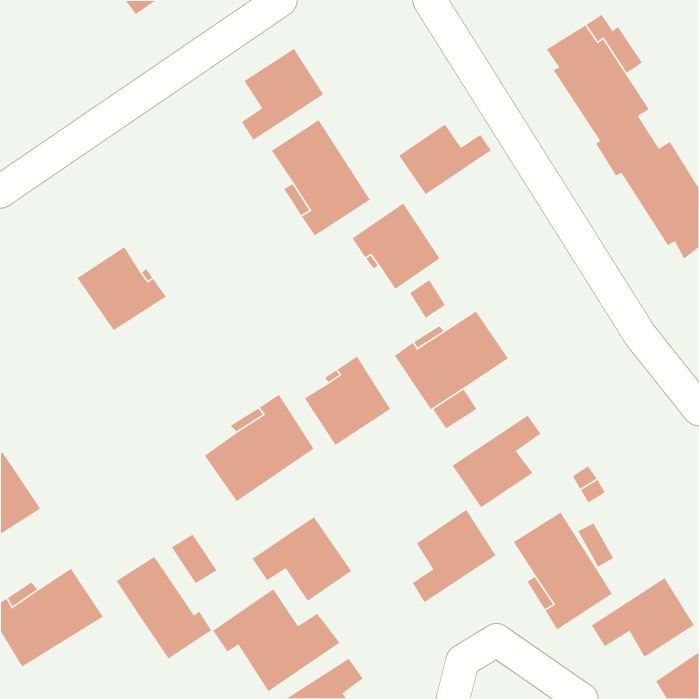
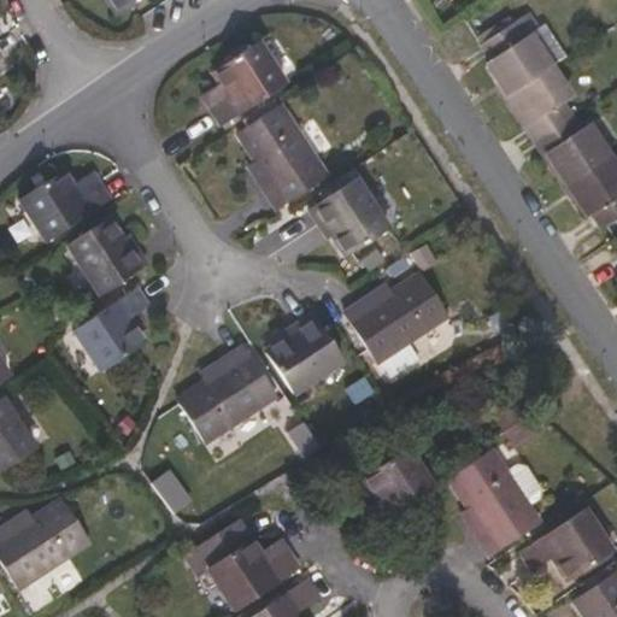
building: [398,123,492,195] -> none
building: none -> [22,170,110,240]
building: none -> [75,288,148,370]
building: [451,414,542,508] -> none
building: [251,516,352,602] -> none
building: [116,556,212,659] -> none

